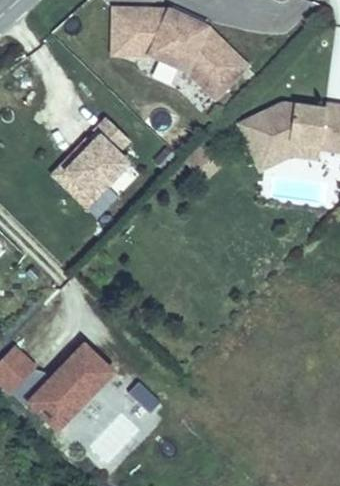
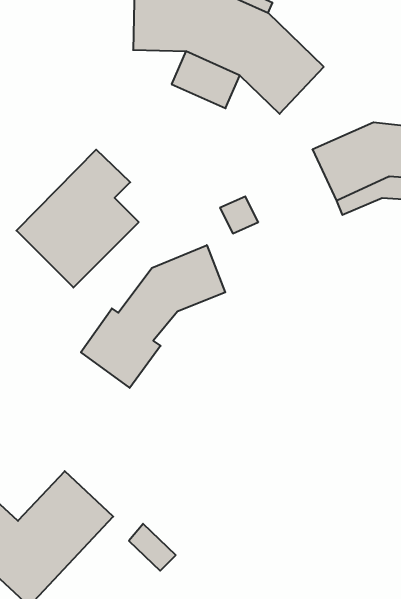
building: none -> [81,245,225,388]

